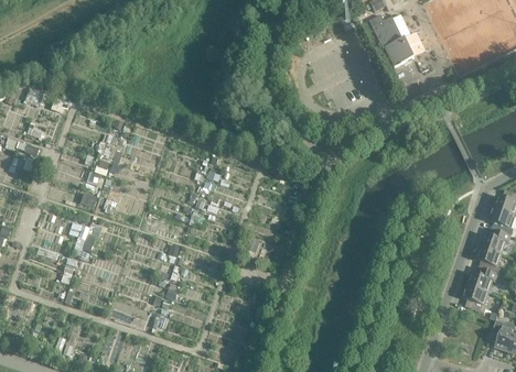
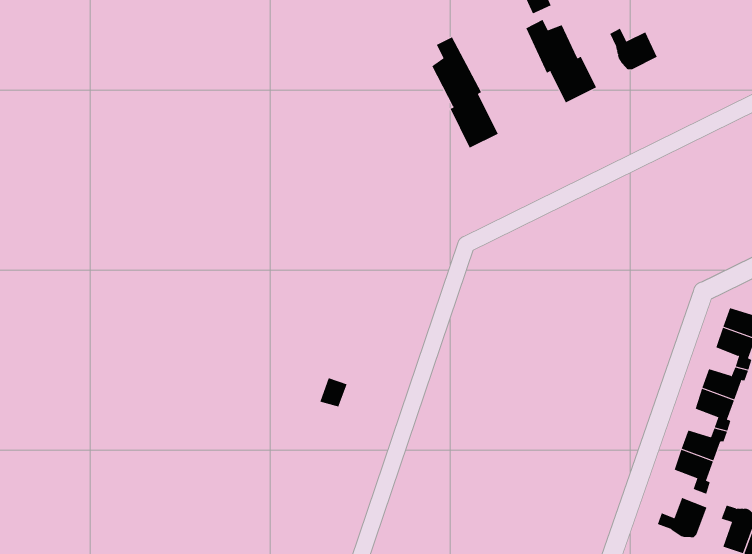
building: none -> [610,28,658,70]
building: none -> [432,37,498,148]
building: none -> [657,497,707,538]

